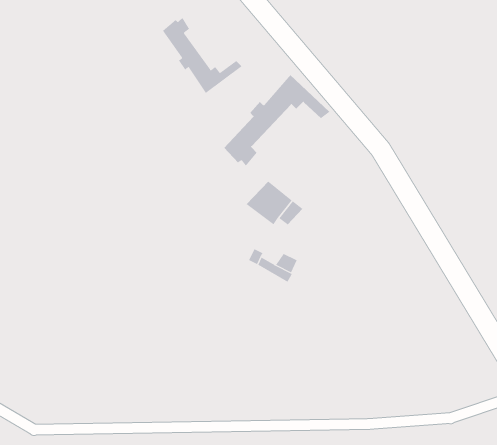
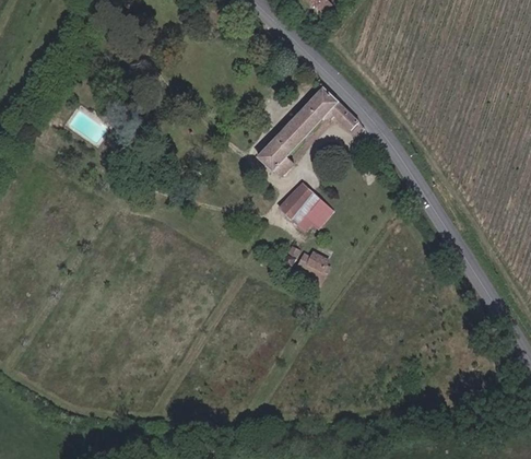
building: [162,17,243,94] -> none

